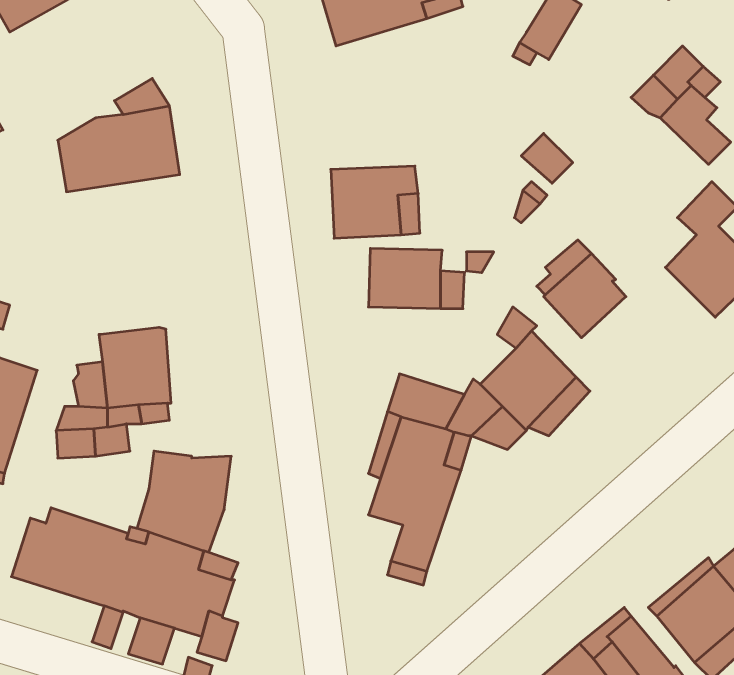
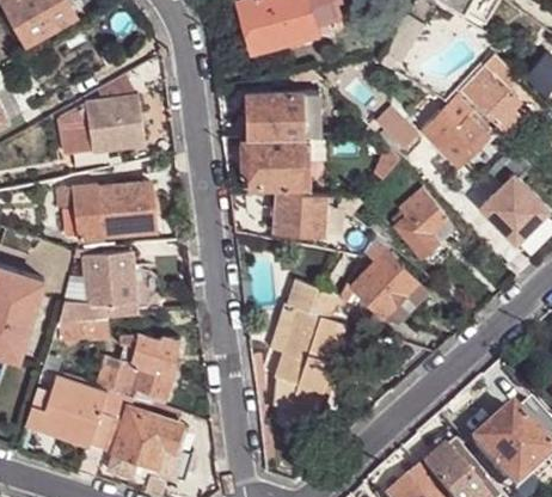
building: none -> [245,92,318,140]
building: none -> [419,94,491,167]
building: none -> [55,183,153,243]

